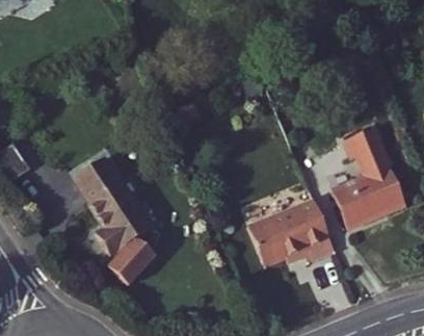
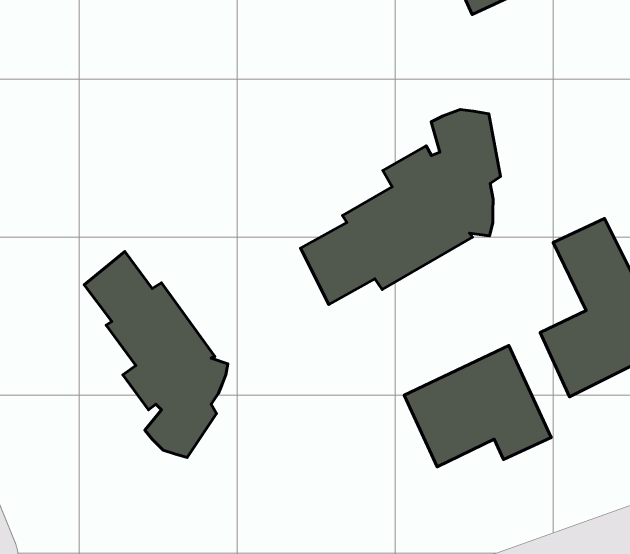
building: none -> [301,109,500,304]

